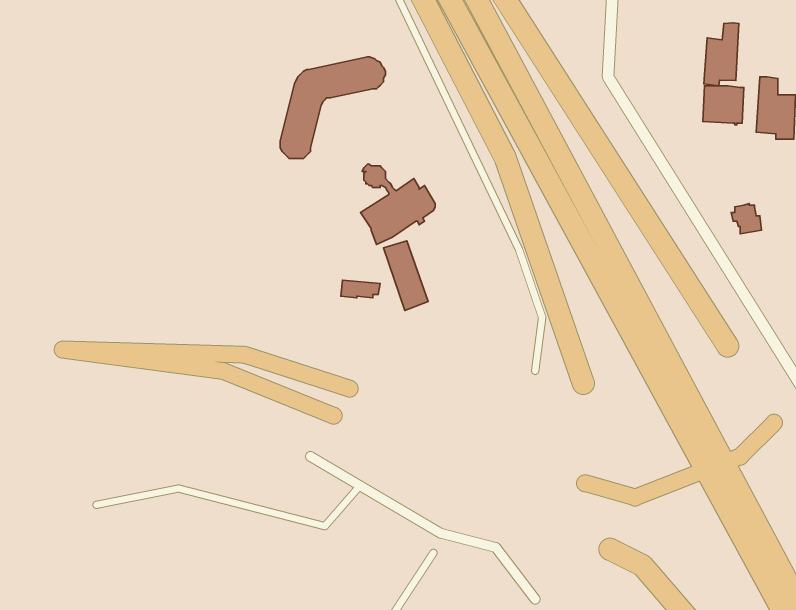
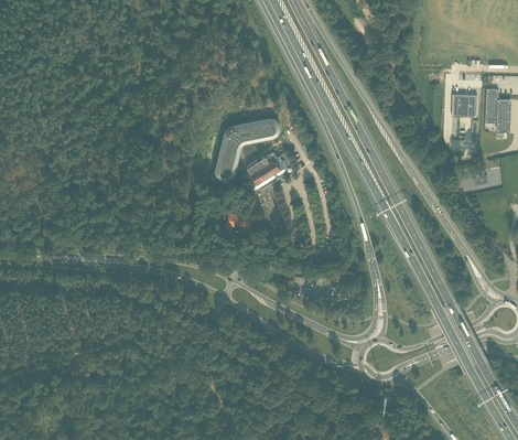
building: [704,23,739,86] -> none
building: [280,57,385,159] -> [216,118,281,181]

